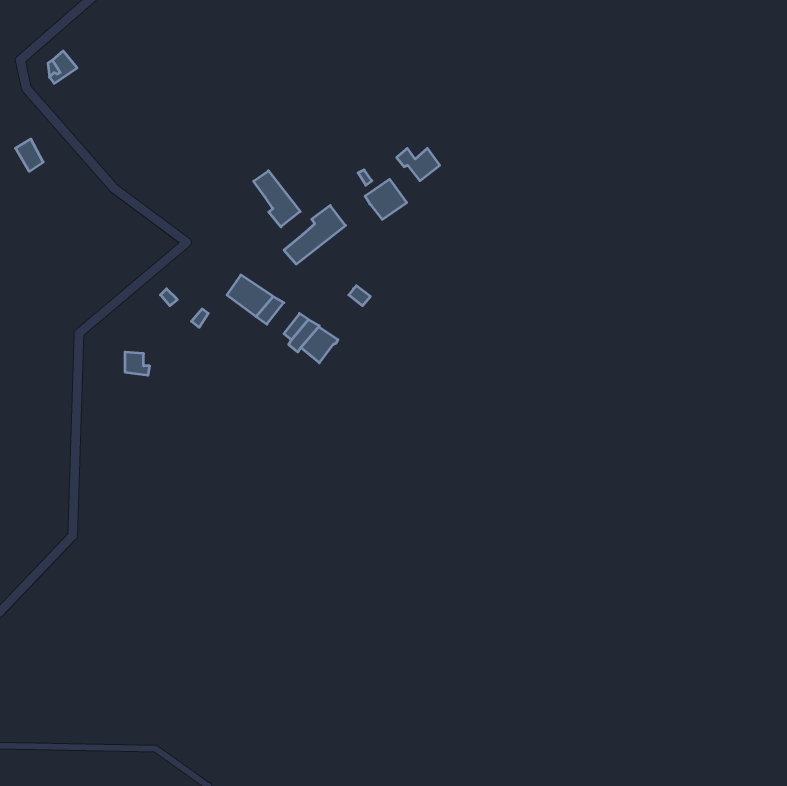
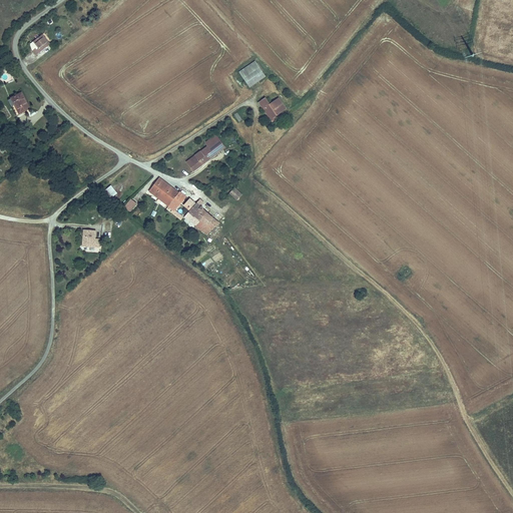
building: [254,171,300,227] -> none
building: [365,179,407,219] -> [237,60,265,86]

